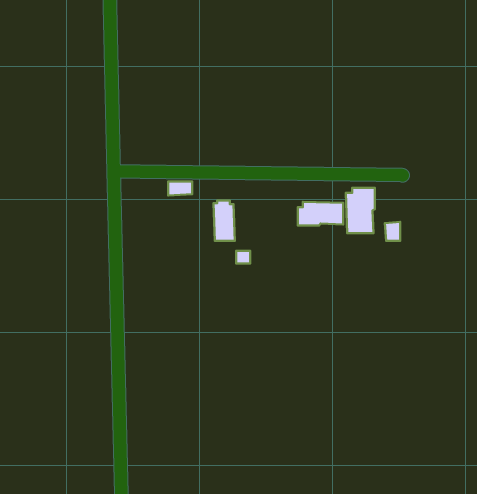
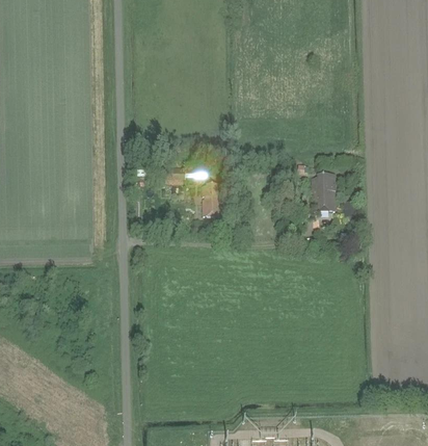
building: [298,202,343,225] -> none

